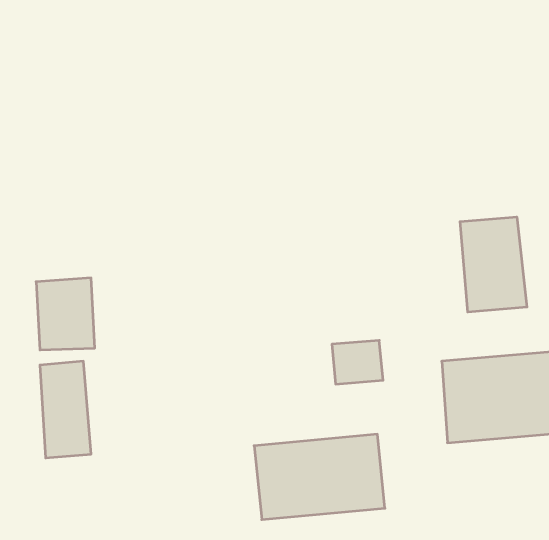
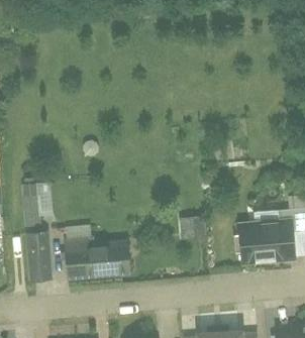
building: [460,217,527,312] -> none
building: [254,434,385,520] -> [61,235,130,280]

